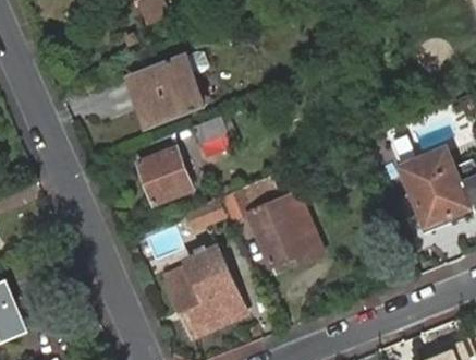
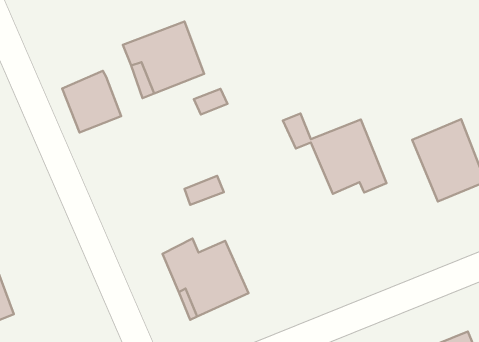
building: [136,148,192,206] -> [62,71,121,132]
building: [224,189,321,264] -> [283,114,386,194]

